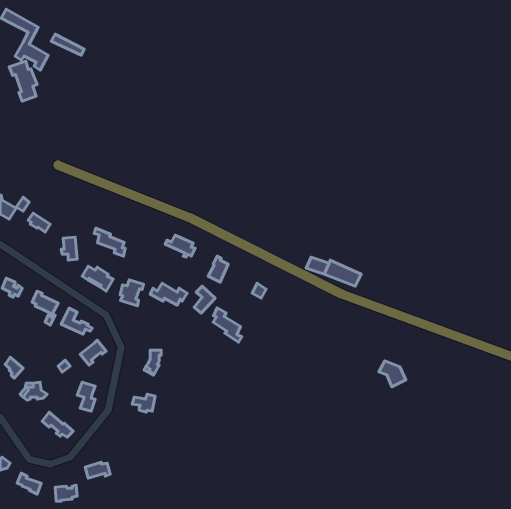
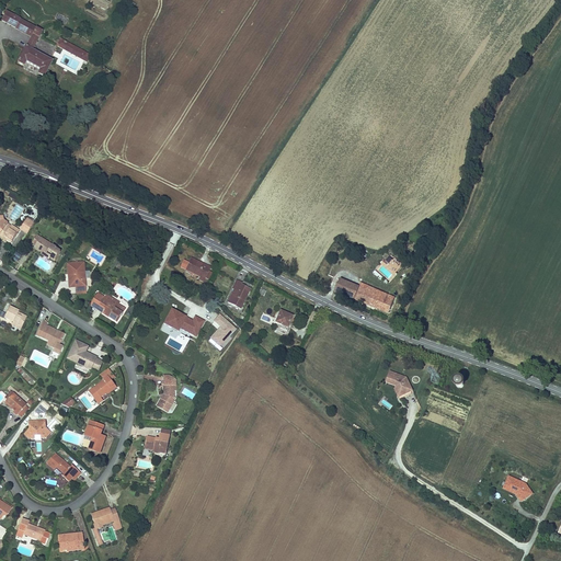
building: [9,61,37,101] -> none
building: [94,228,125,256] -> none
building: [120,280,143,306] -> none
building: [213,308,242,342] -> none
building: [379,361,406,387] -> [383,367,413,396]
building: none -> [502,471,534,500]

